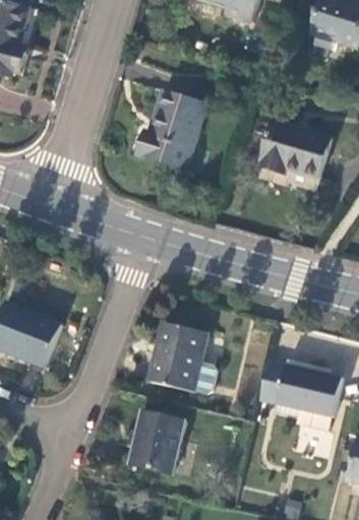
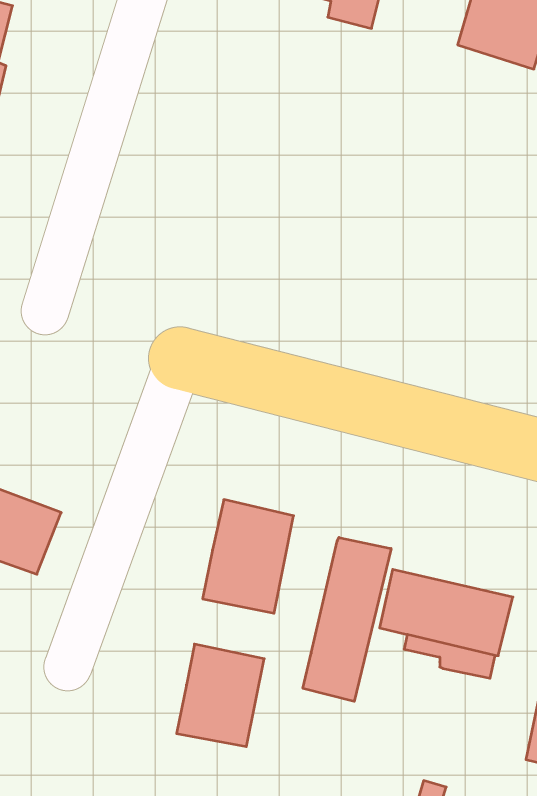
building: [138,90,205,167] -> none
building: [262,124,332,180] -> none
building: none -> [303,537,391,701]

